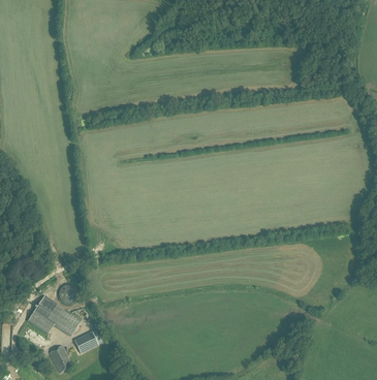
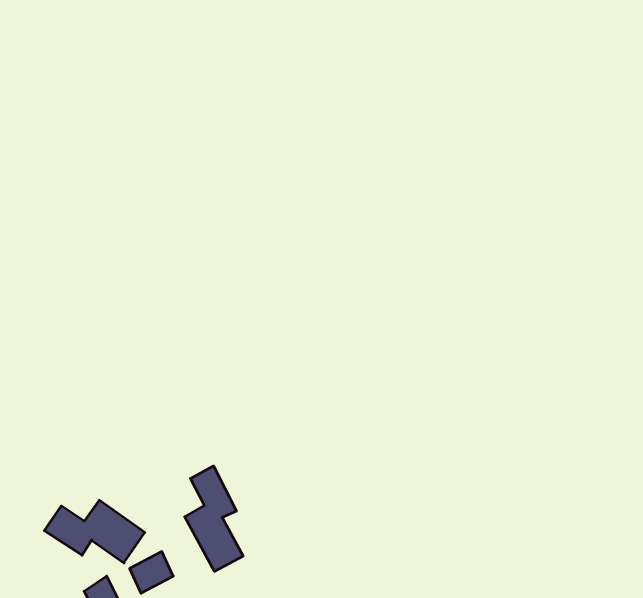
building: none -> [185,466,243,571]

